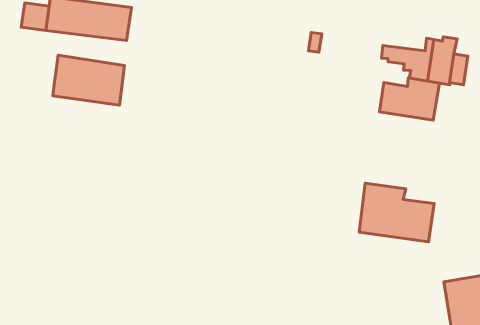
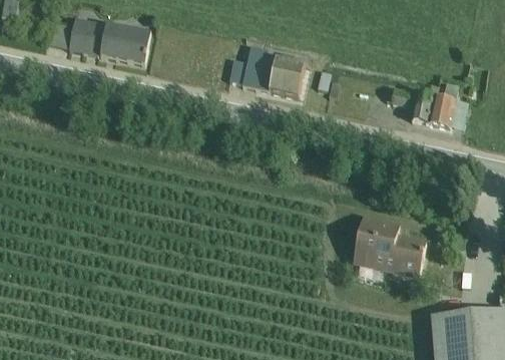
building: none -> [230,43,306,96]
building: [53,55,124,105] -> none
building: [379,78,440,120] -> none

